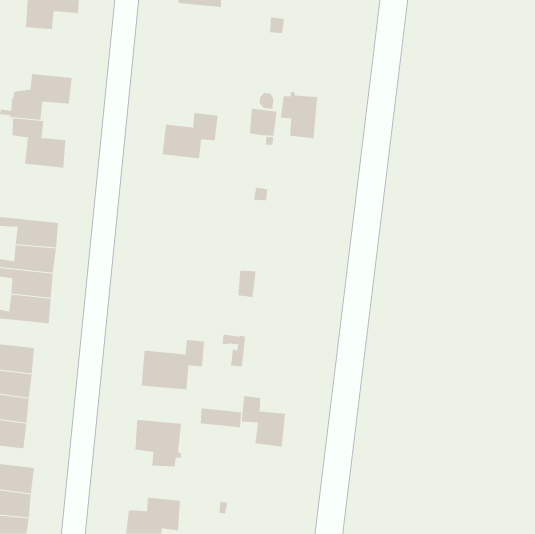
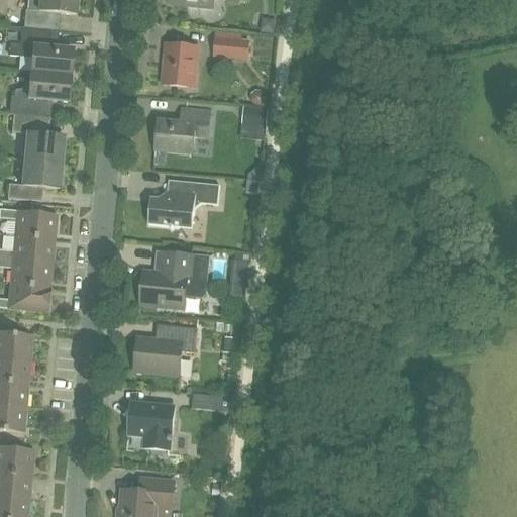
building: none -> [7,26,72,75]
building: none -> [214,37,248,57]
building: none -> [163,43,199,87]
building: [280,91,318,139] -> none
building: none -> [6,158,62,200]
building: none -> [148,180,220,227]
building: none -> [142,251,208,307]
building: [241,395,286,447] -> none

